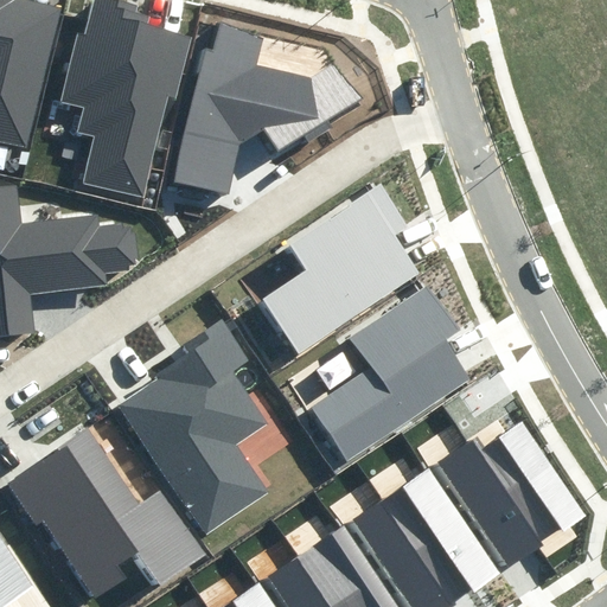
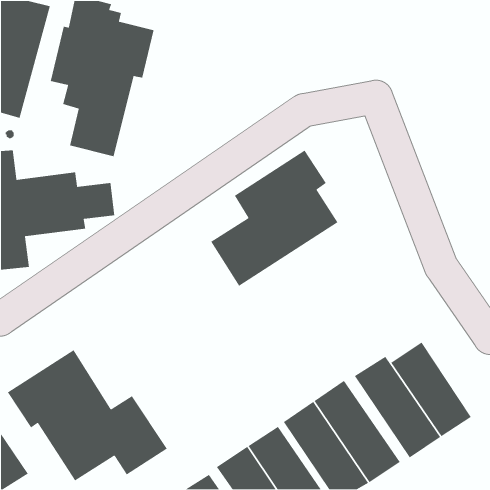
building: [172,25,318,193] -> none
building: [306,286,468,464] -> none
building: [115,319,268,532] -> none

